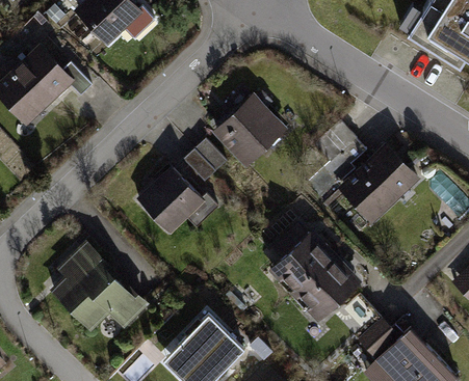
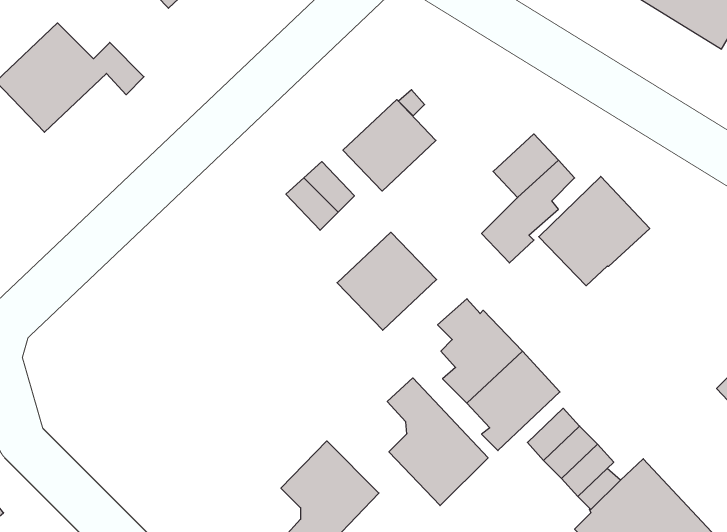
building: [139,169,203,232] -> [337,232,437,330]
building: [54,248,146,330] -> none
building: none -> [387,378,488,506]

